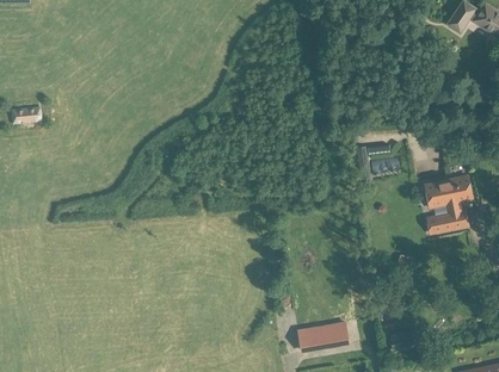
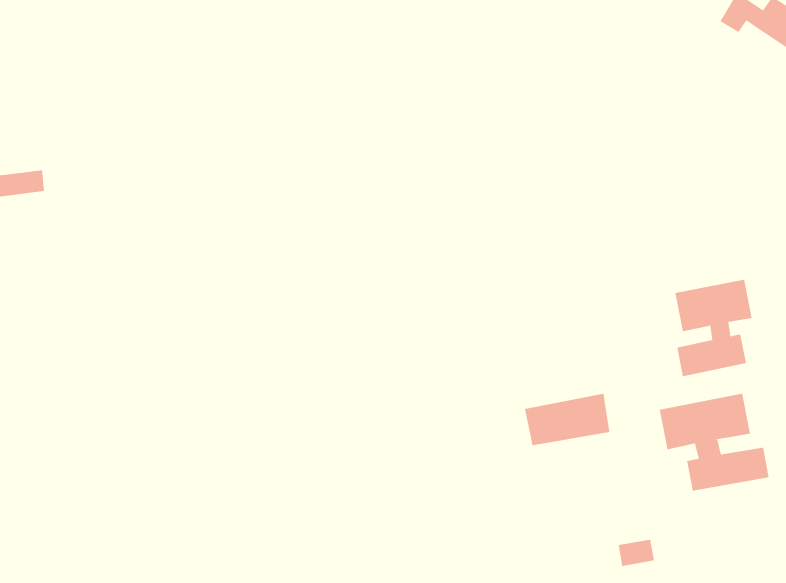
building: none -> [659,393,769,491]
building: [297,320,350,352] -> [524,393,610,446]

